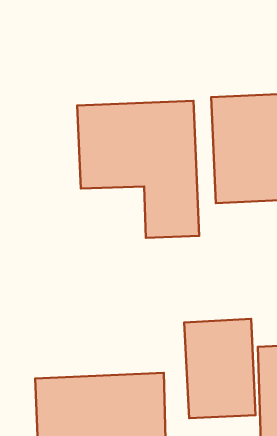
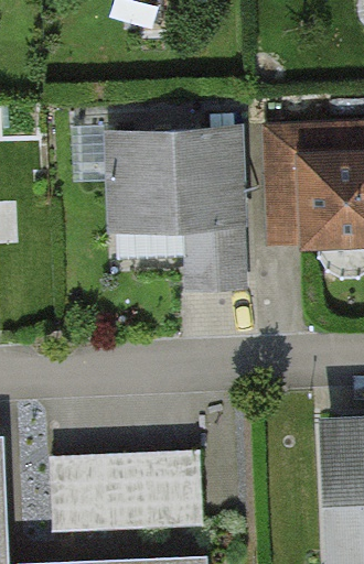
building: [184,319,255,418] -> none

